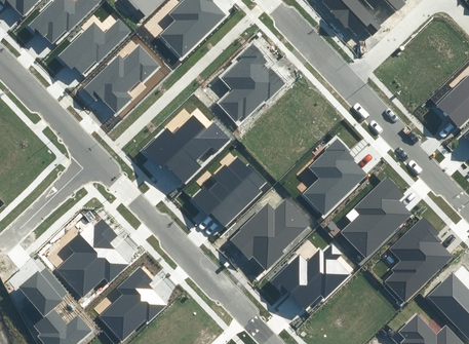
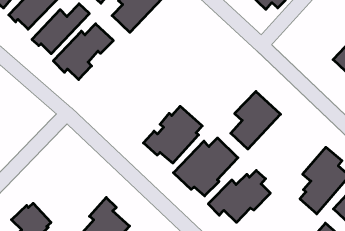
building: [216,45,285,126] -> none
building: [146,116,230,184] -> none
building: [340,176,408,258] -> none
building: [54,223,127,298] -> none

